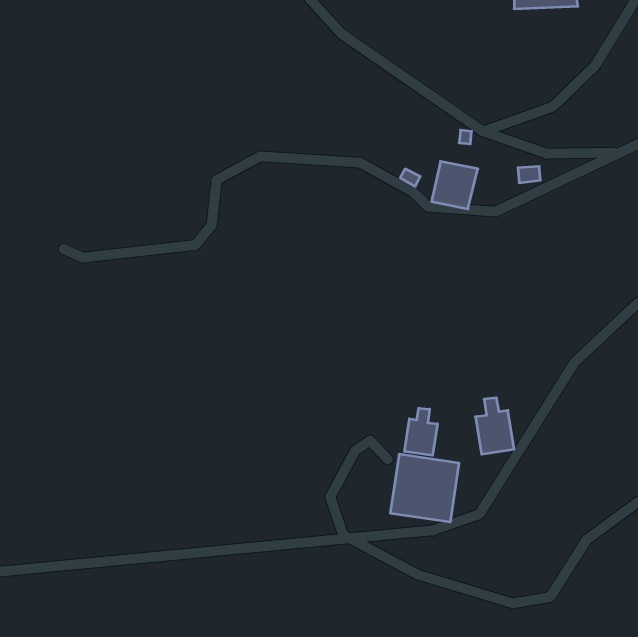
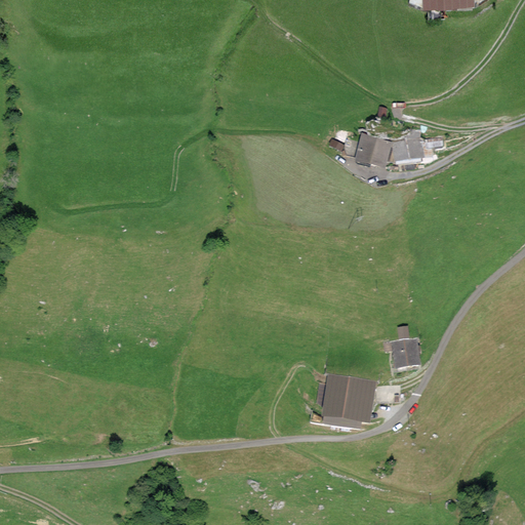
building: none -> [392,127,423,164]
building: [405,408,437,455] -> none

